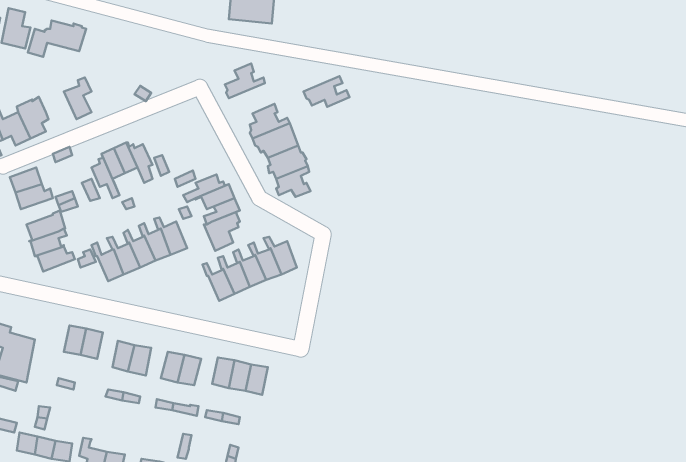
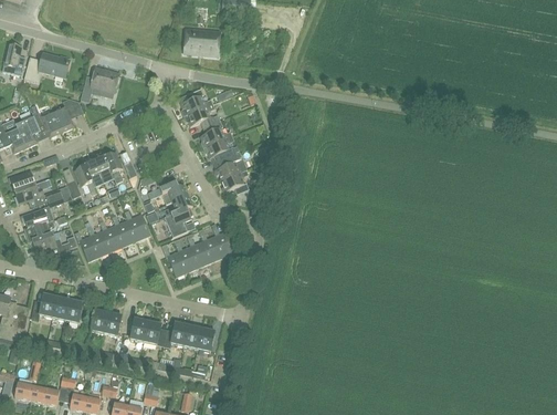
building: none -> [80,65,119,101]
building: [304,76,349,107] -> [183,102,220,126]
building: none -> [29,103,62,135]
building: none -> [30,292,56,319]

